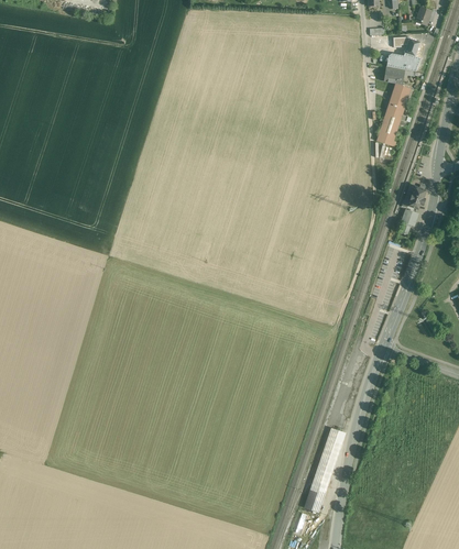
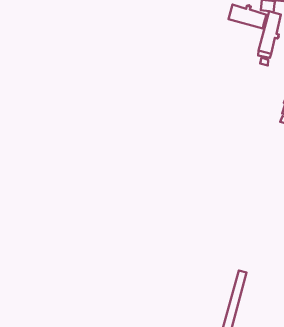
building: none -> [228,5,266,29]

